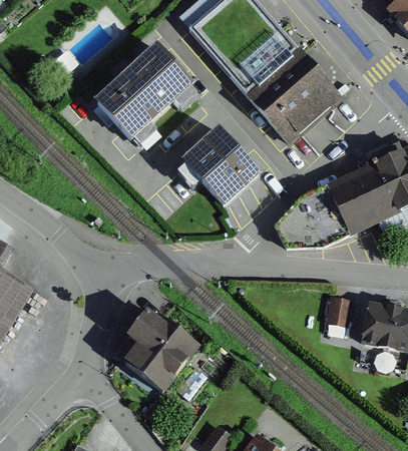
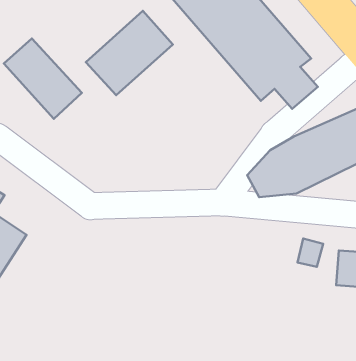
building: none -> [4,38,82,119]
building: [182,130,257,205] -> none
building: [117,309,198,393] -> none

